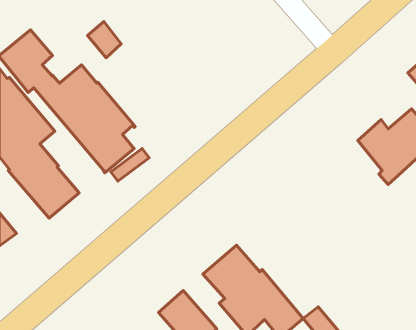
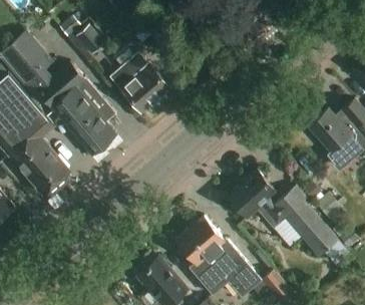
building: none -> [111,49,170,111]
building: none -> [229,171,339,257]

